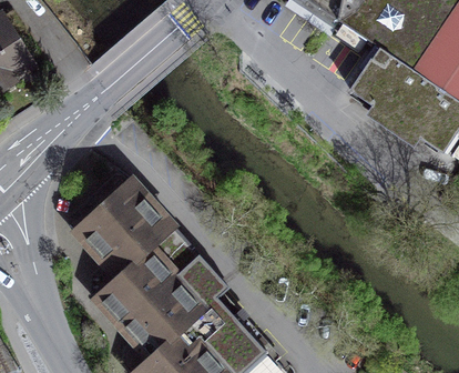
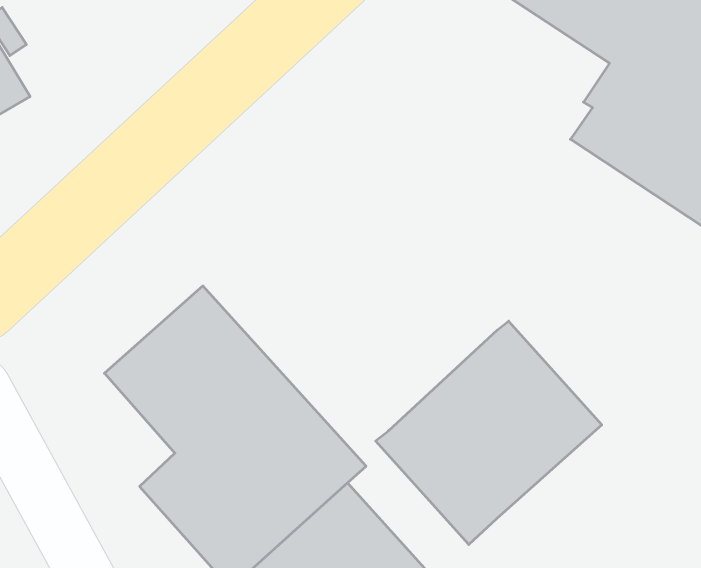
building: none -> [376,321,602,545]

